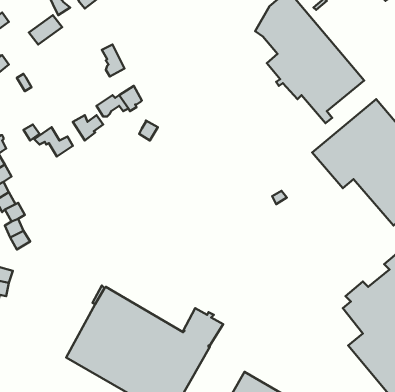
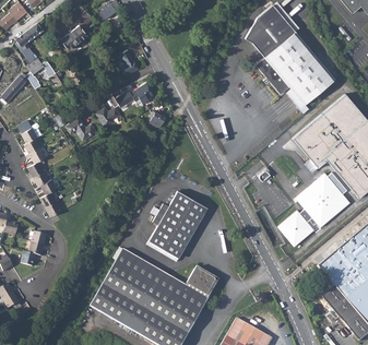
building: none -> [282,179,353,252]
building: none -> [150,191,207,258]

